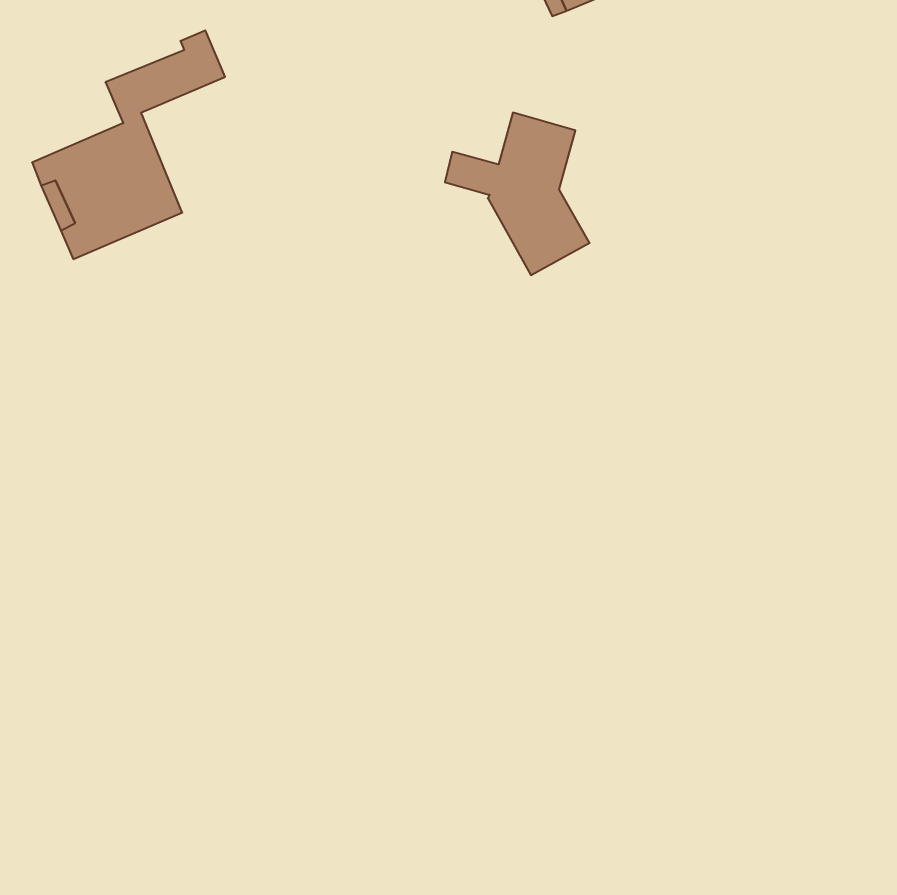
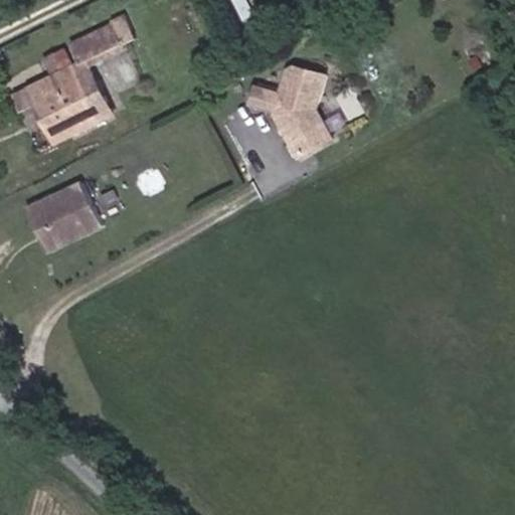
building: none -> [23,177,99,247]

